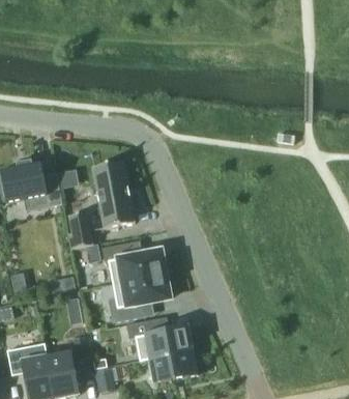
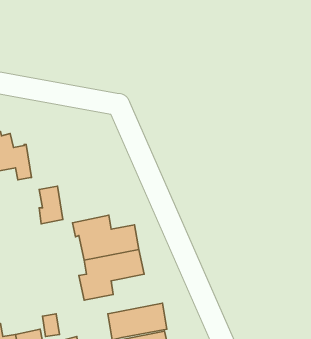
building: [93,161,135,227] -> none

